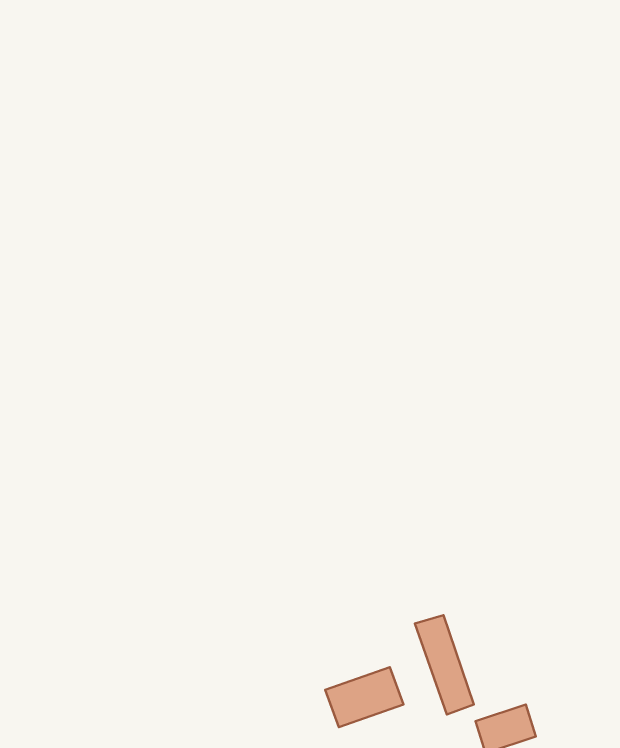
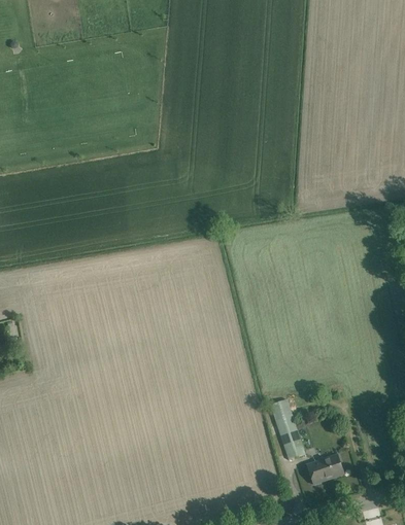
building: [325,667,404,727] -> none

